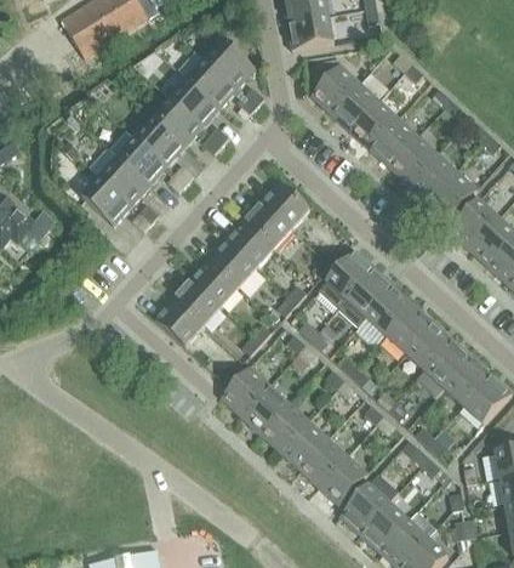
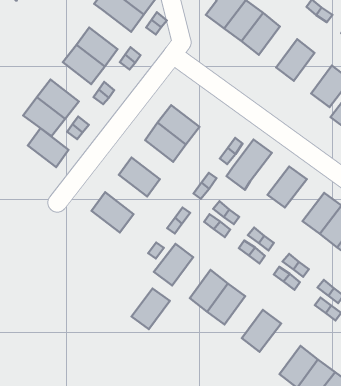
building: [170,79,219,127] -> none
building: [370,118,417,166] -> none
building: [118,137,166,186] -> [28,128,69,167]
building: [409,153,456,201] -> none
building: [259,181,309,229] -> none
building: [206,239,256,288] -> none
building: [338,268,394,326] -> none
building: [171,278,221,326] -> none
building: [384,303,433,353] -> none
building: [241,385,289,433] -> [132,288,170,329]
building: [299,437,347,487] -> none
building: [339,473,398,534] -> none

